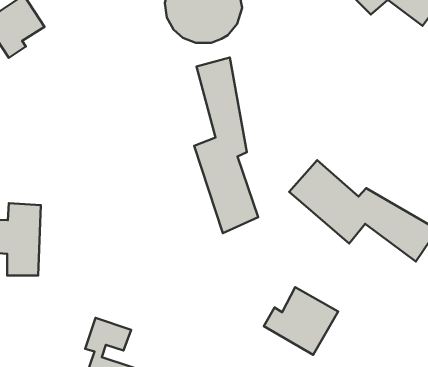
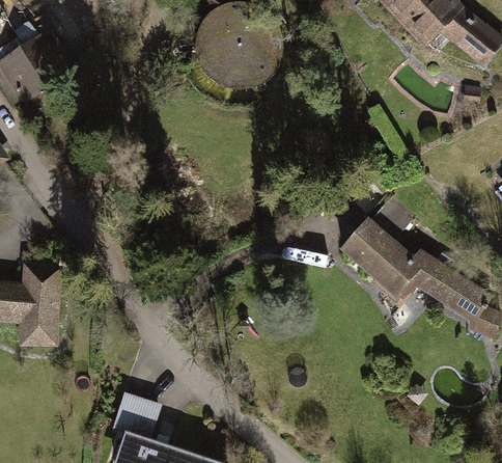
building: [194,58,258,233] -> none
building: [264,287,338,355] -> none

